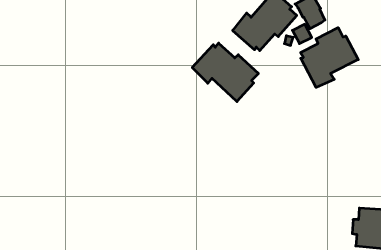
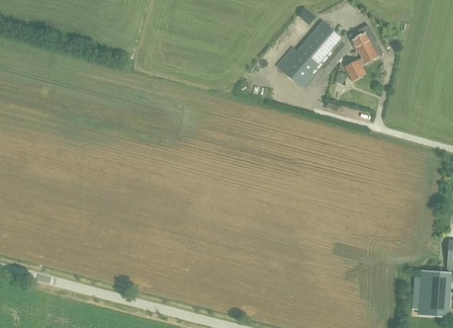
building: [301,28,358,87] -> none
building: [192,43,258,102] -> none

